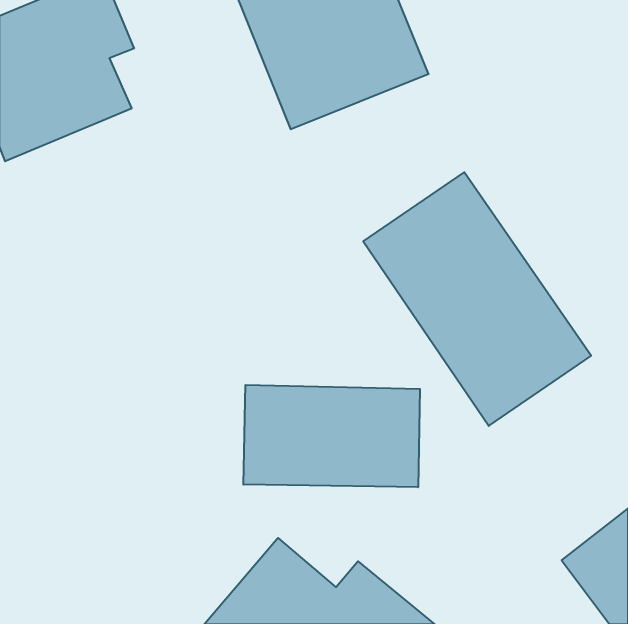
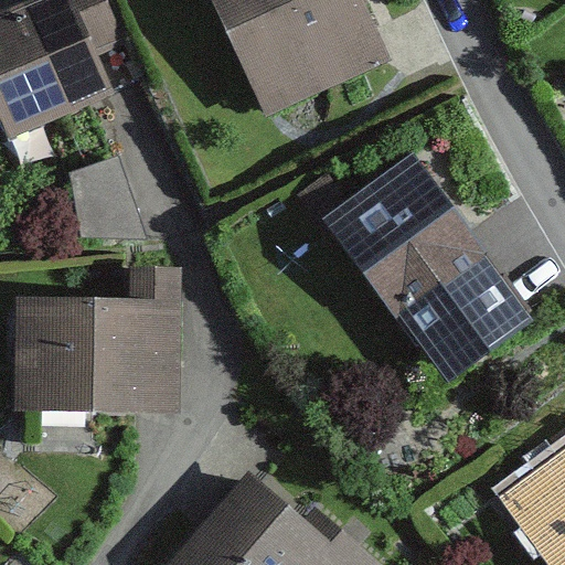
building: none -> [12,267,181,415]
building: [243,385,420,487] -> none

